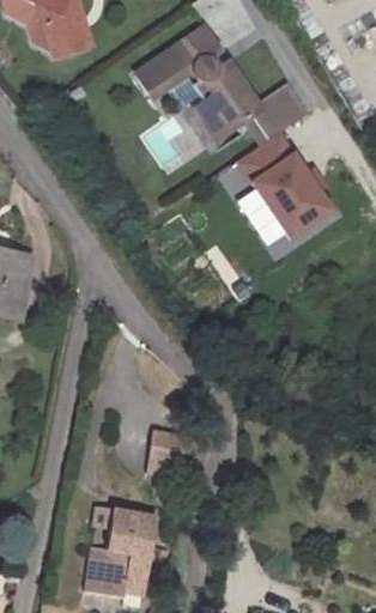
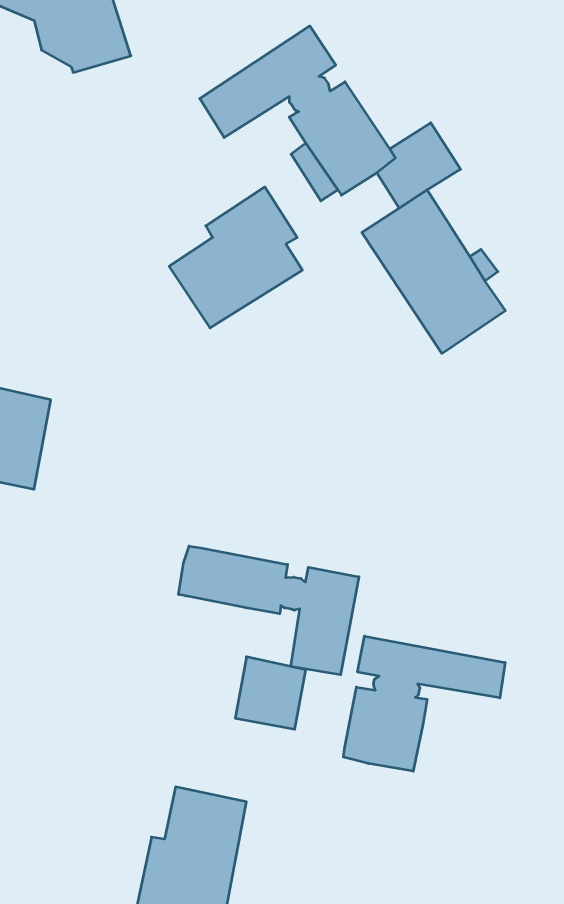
building: none -> [169,187,302,328]
building: none -> [179,546,359,675]
building: none -> [343,636,505,771]

